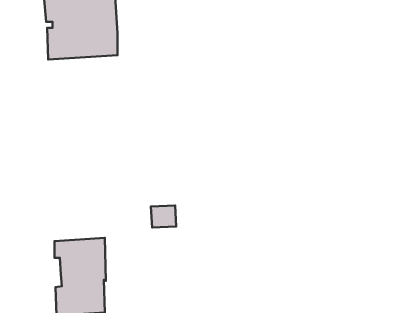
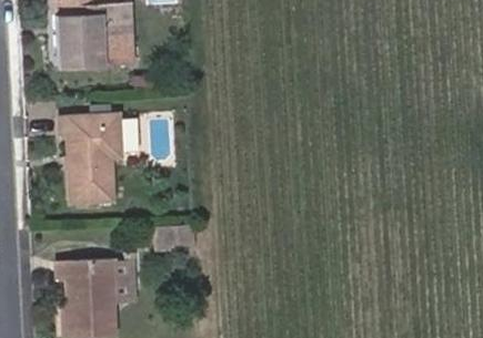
building: none -> [60,115,122,202]

